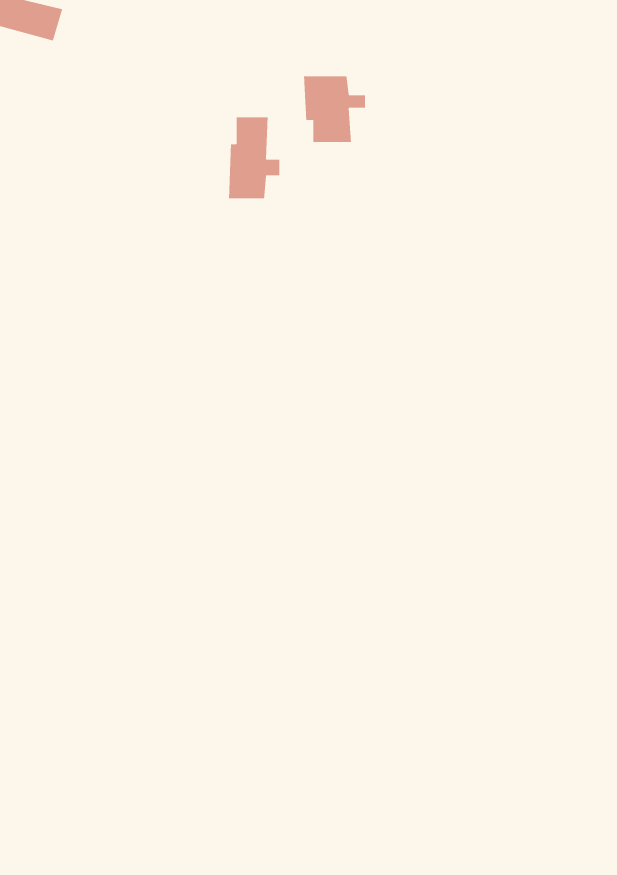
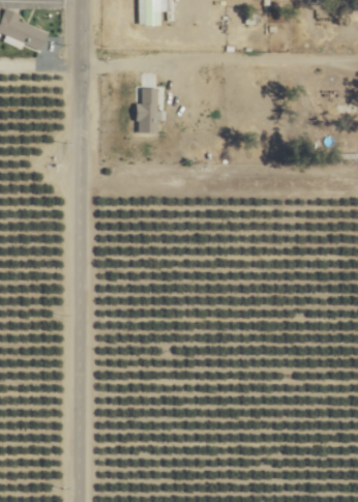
building: [303,76,366,143] -> none

